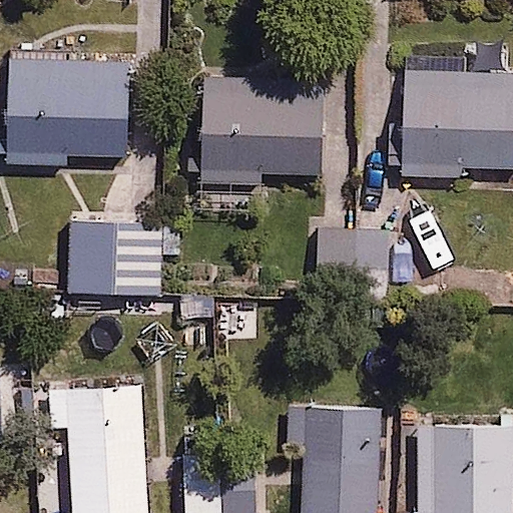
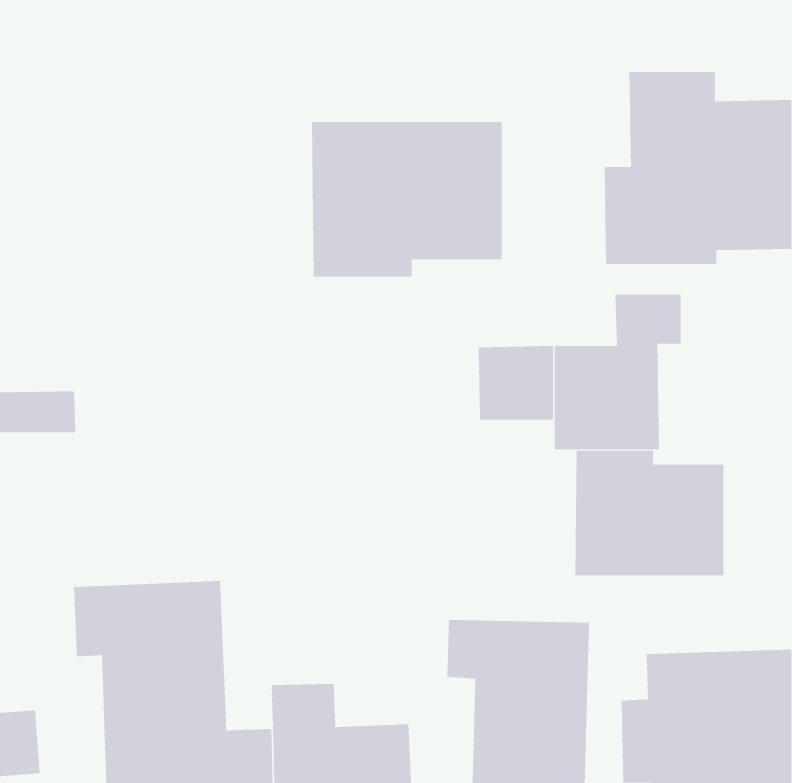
building: [10,60,132,165] -> none
building: [73,221,162,292] -> none
building: none -> [575,450,724,576]

